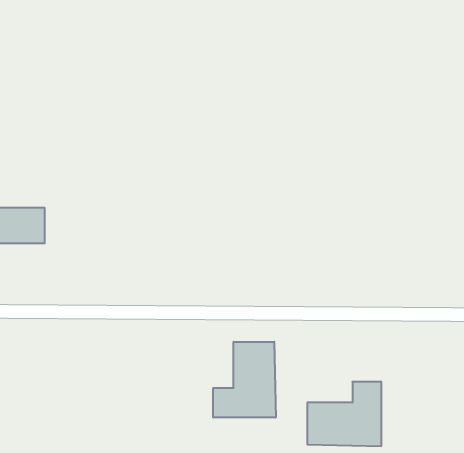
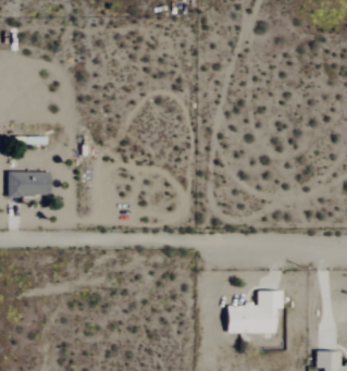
building: [213,342,276,418] -> none

